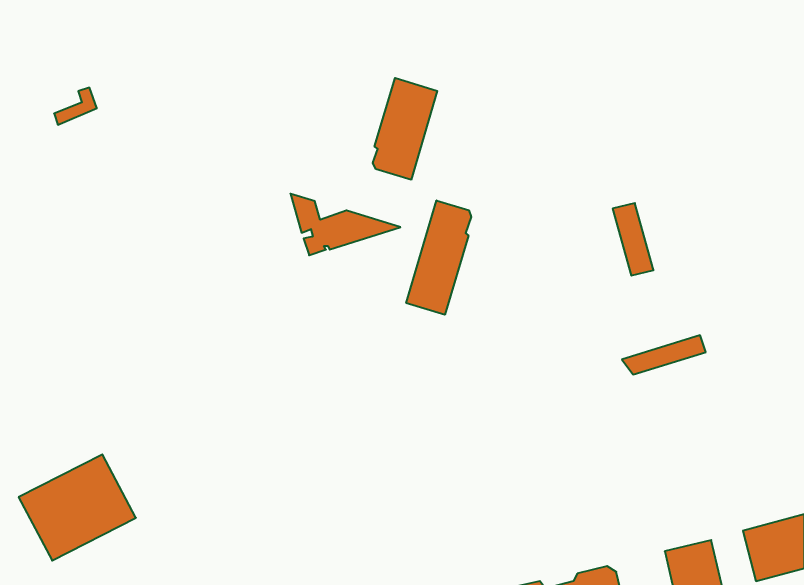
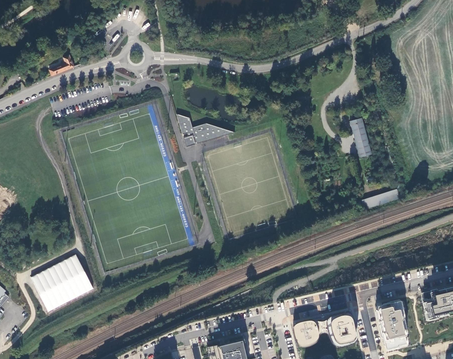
building: [373,78,437,180] -> none
building: [406,200,471,315] -> none

